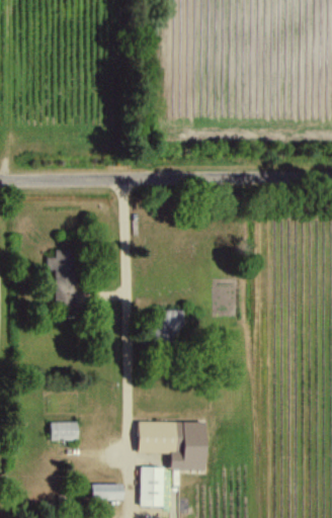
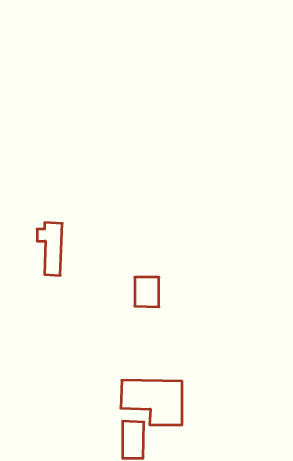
building: [53,421,79,440] -> none
building: [92,484,123,500] -> none

